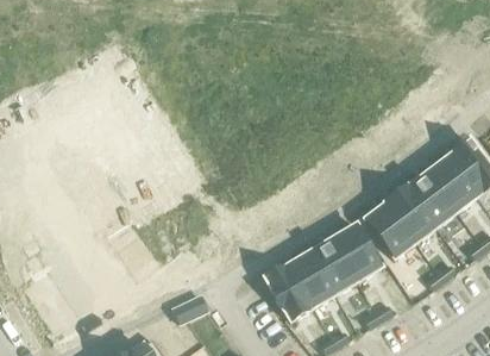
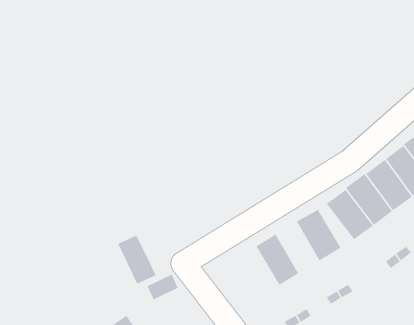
building: [310,238,357,294] -> none
building: none -> [117,235,157,286]
building: [264,263,314,320] -> none

